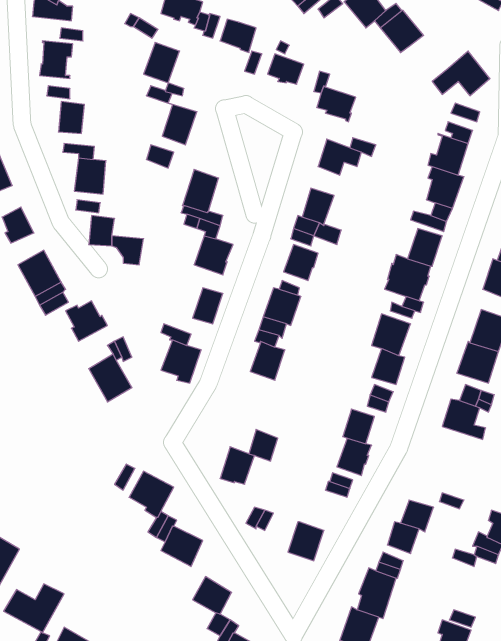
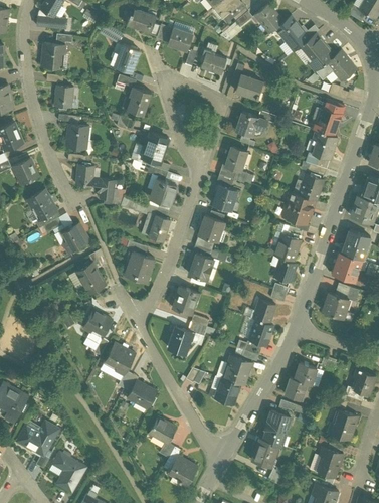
building: none -> [301,34,334,71]
building: none -> [172,287,198,314]
building: none -> [83,310,113,336]
building: none -> [223,355,251,385]
building: none -> [329,410,357,440]

